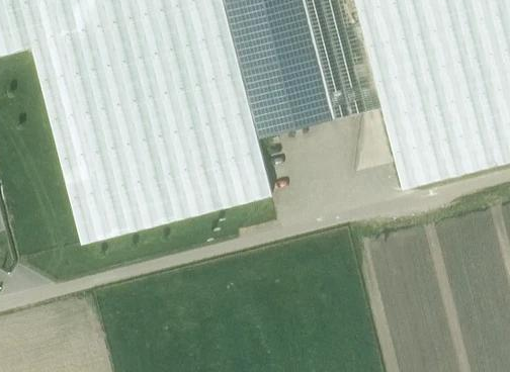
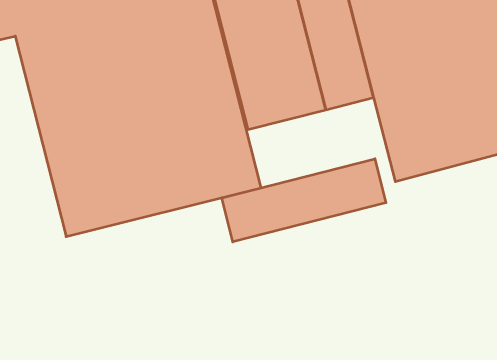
building: none -> [222,159,386,242]

